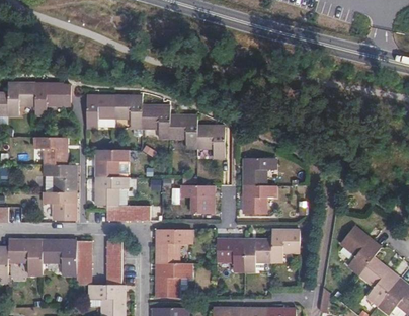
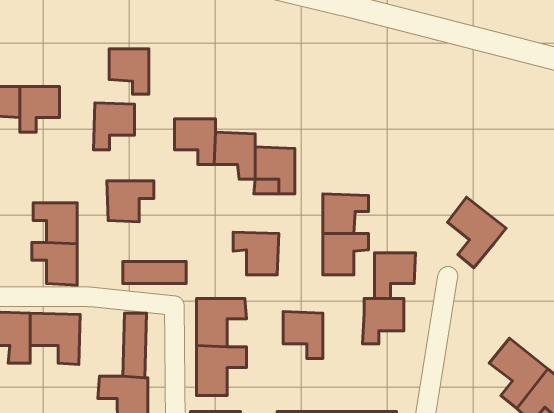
building: [114,96,142,128] -> [109,49,149,94]
building: [35,137,66,164] -> none
building: [96,176,127,206] -> none
building: [340,226,381,274] -> [447,197,506,268]
building: [76,240,92,284] -> none
building: [244,240,272,271] -> [374,253,416,298]

